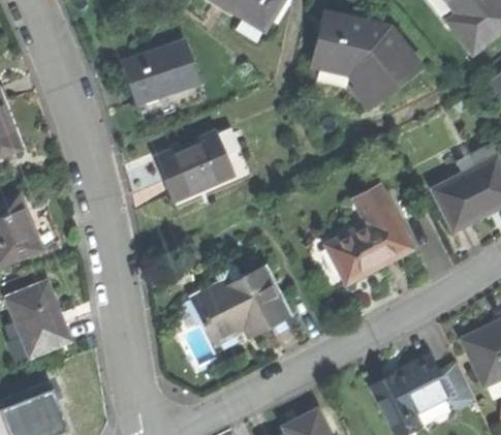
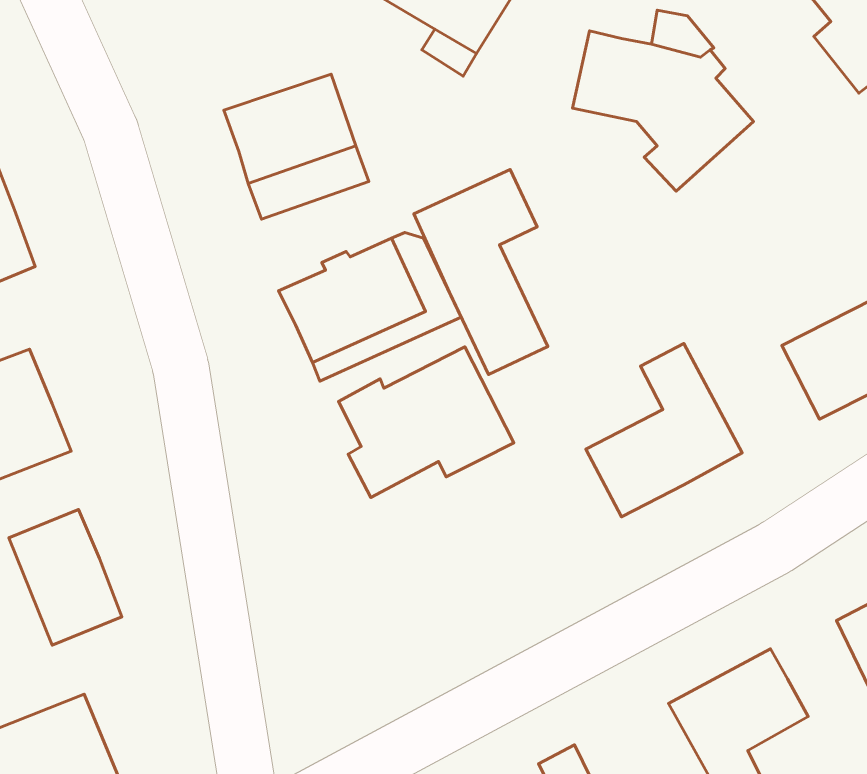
building: none -> [414,169,548,375]
building: [197,263,293,346] -> [339,347,514,497]
building: [434,362,473,406] -> none

